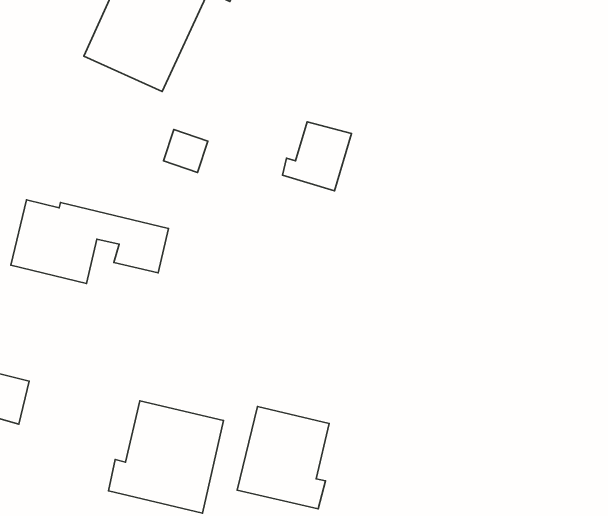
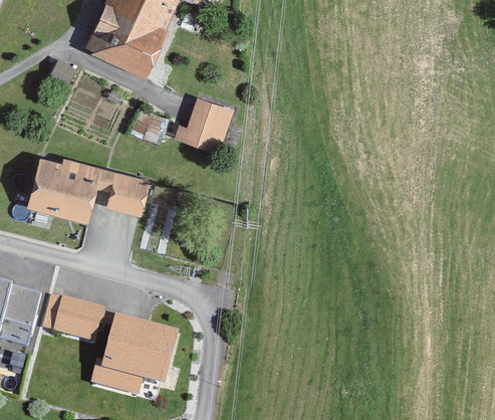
building: [282,122,352,191] -> [175,98,228,152]
building: none -> [51,289,116,343]
building: [237,407,329,509] -> none

